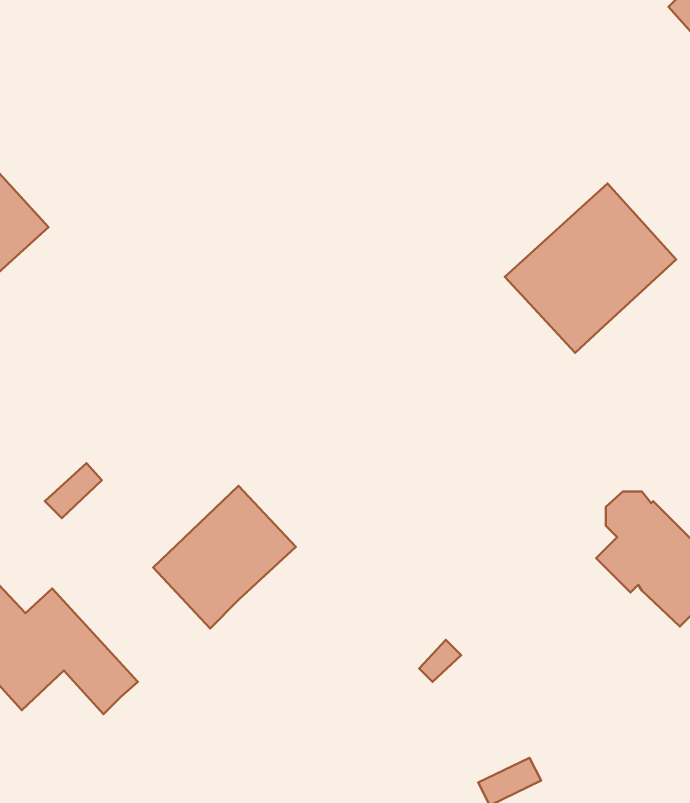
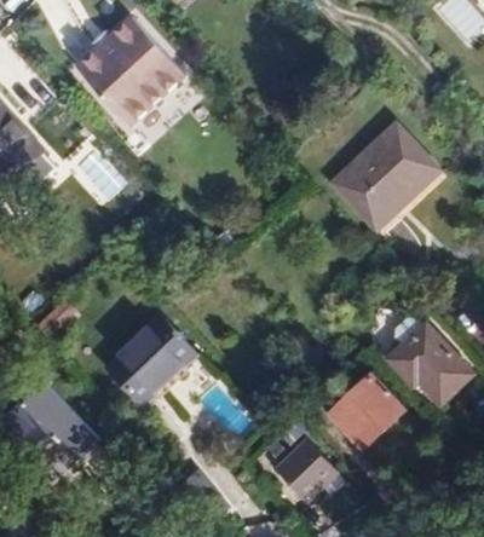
building: none -> [75,16,184,126]
building: none -> [329,374,405,449]
building: none -> [275,439,338,502]

